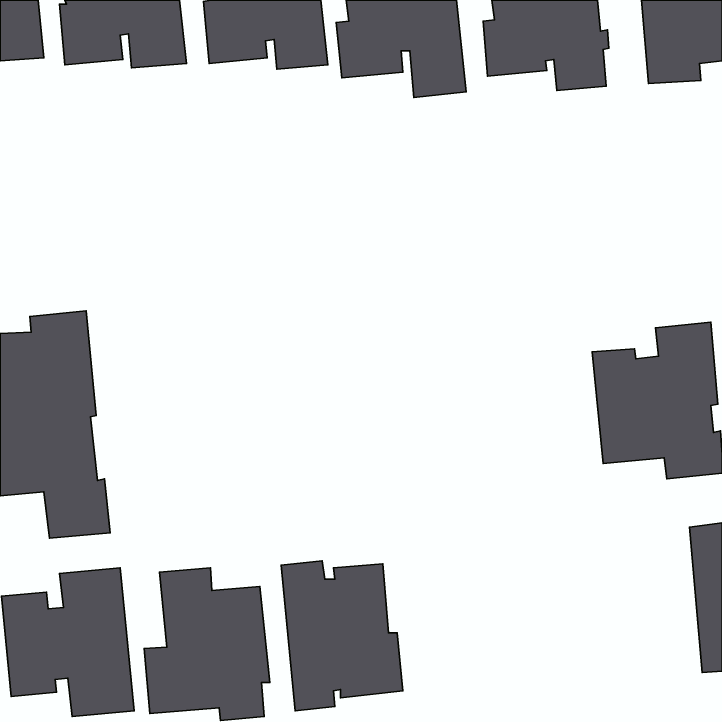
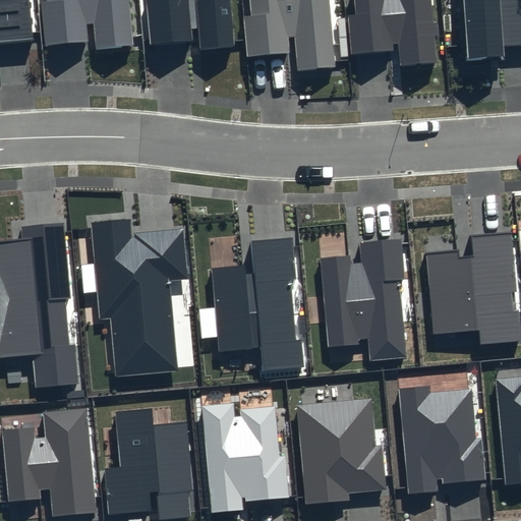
building: none -> [91,218,189,377]
building: none -> [213,237,304,369]
building: none -> [320,238,405,360]
building: none -> [398,386,486,494]
building: none -> [296,398,386,504]

